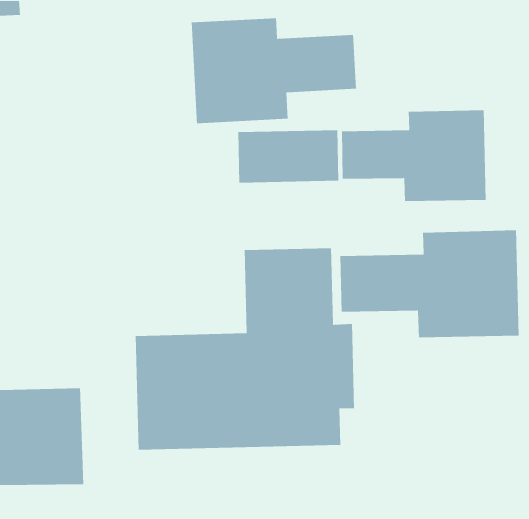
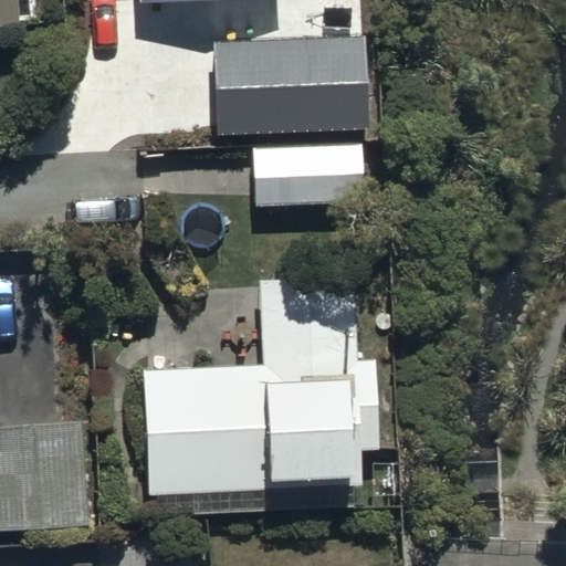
building: [341,110,486,202] -> none
building: [340,230,519,338] -> none

